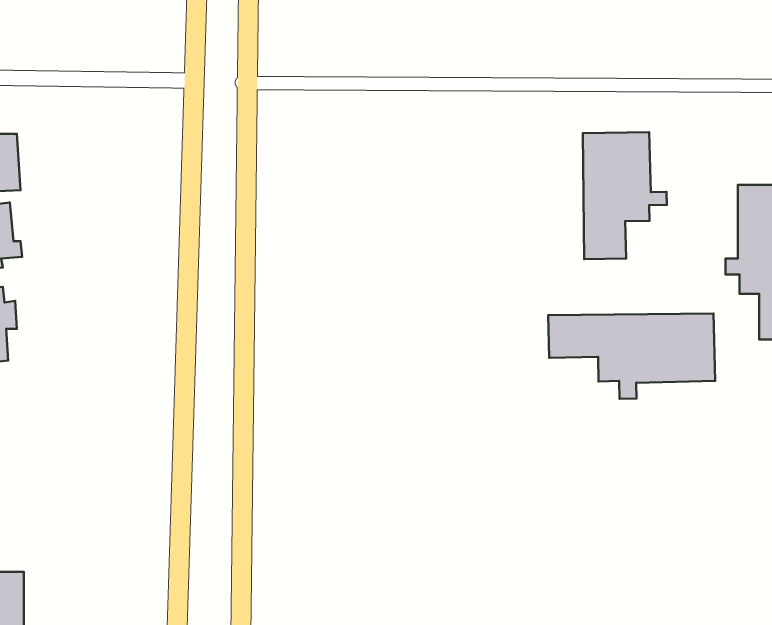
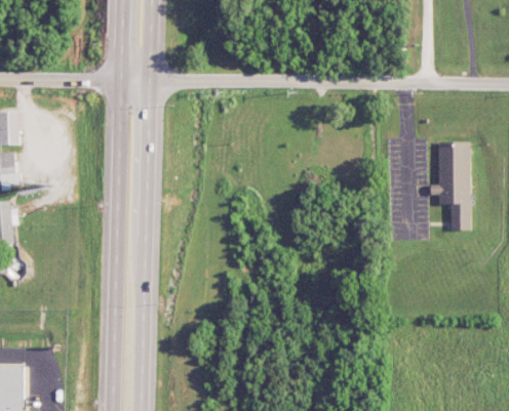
building: [583,132,667,259] -> none
building: [548,313,715,399] -> none

